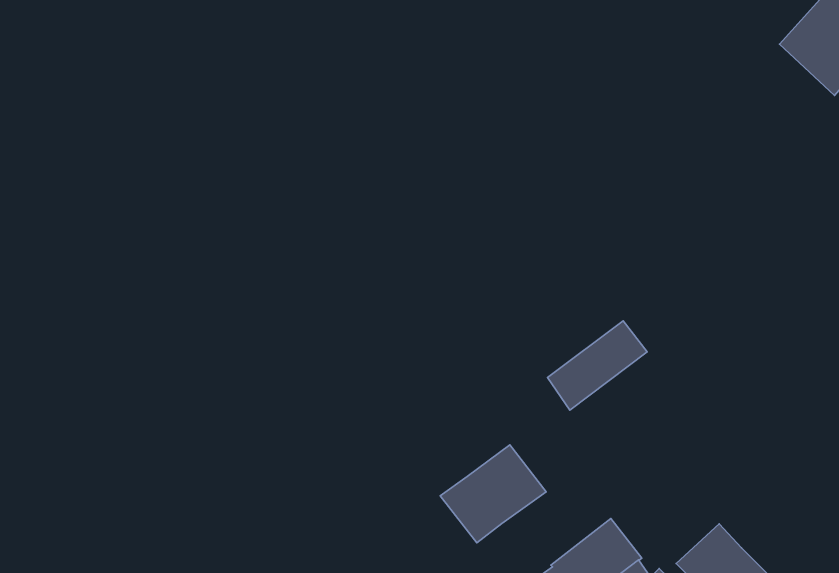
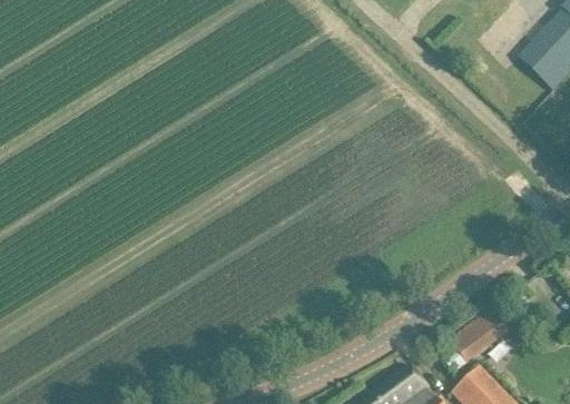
building: [547,321,647,410] -> [452,304,517,362]
building: [440,445,546,543] -> none

